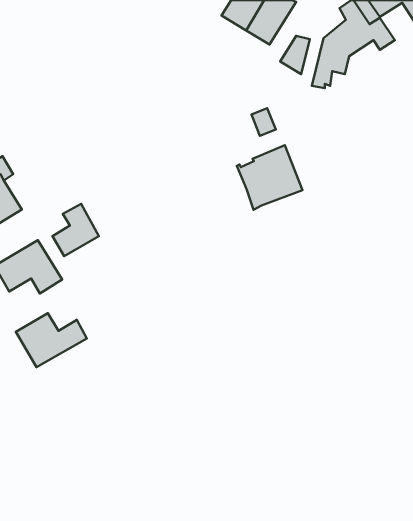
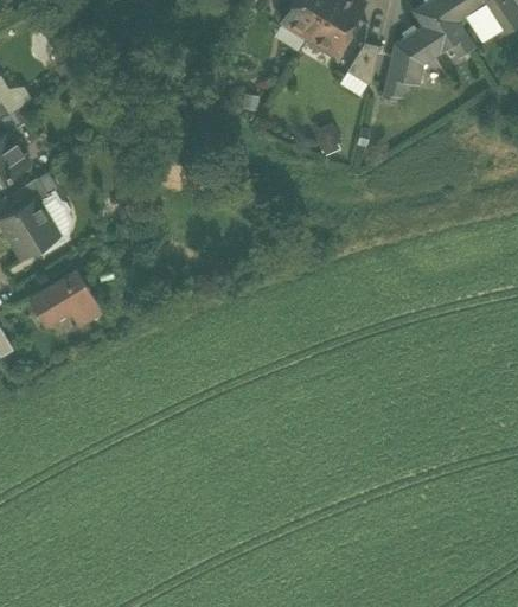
building: [237,145,302,210] -> none
building: [52,204,99,256] -> none
building: [16,313,87,367] -> none

